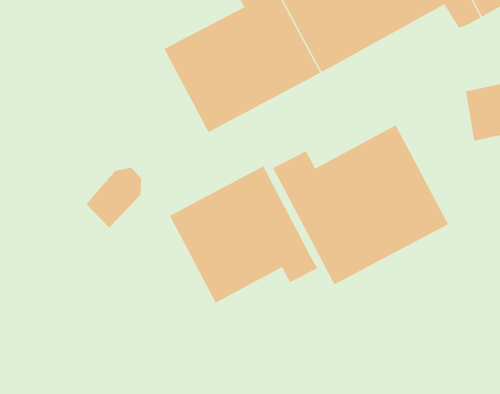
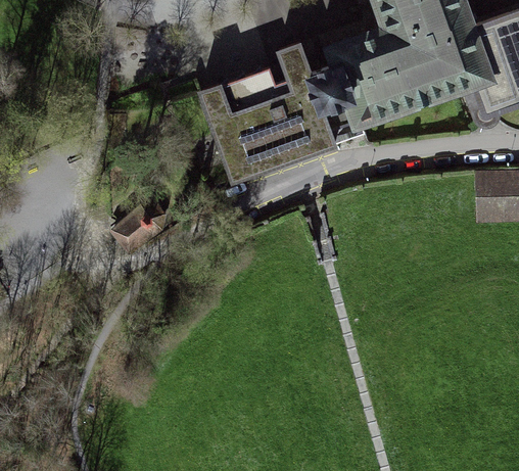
building: [272,124,449,285] -> none
building: [169,166,318,303] -> none

